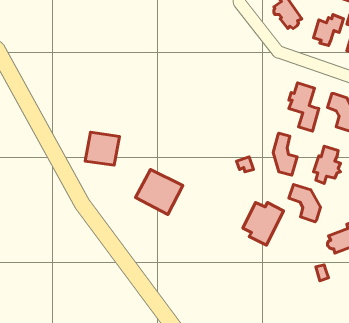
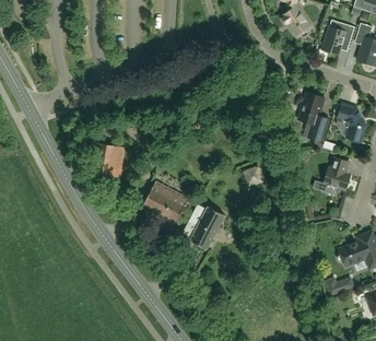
building: [273,133,297,175] -> none
building: [289,184,321,222] -> none
building: [243,202,283,245] -> [183,205,224,249]

